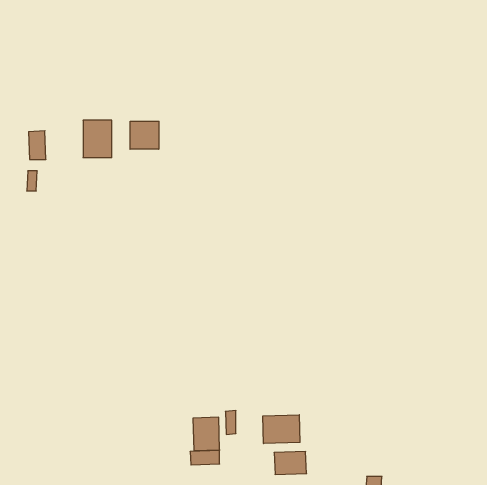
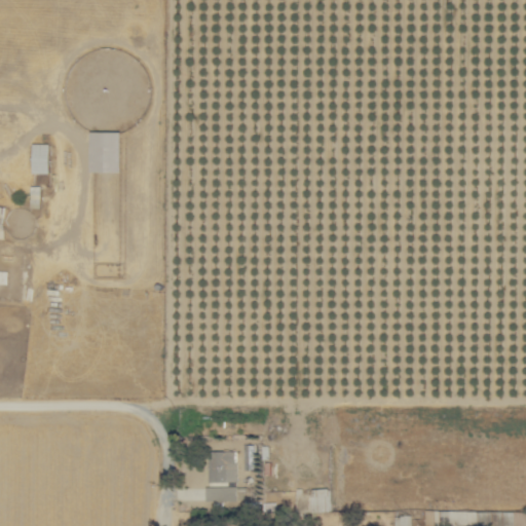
building: [130,121,159,149] -> none
building: [263,415,300,444] -> none

